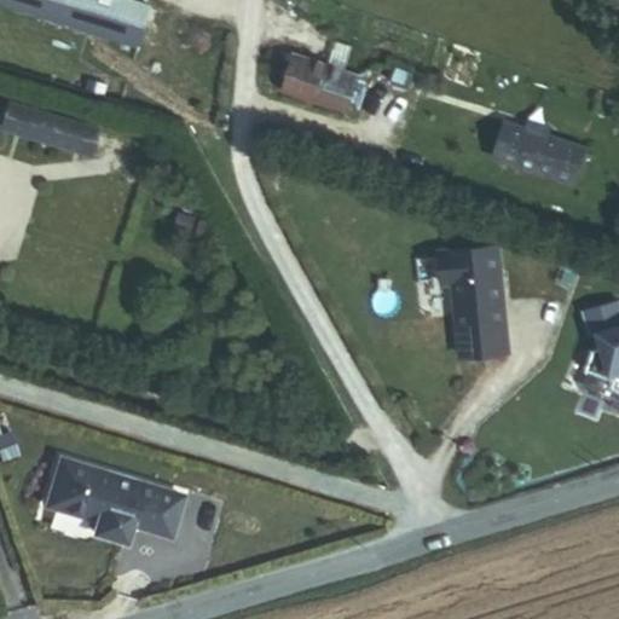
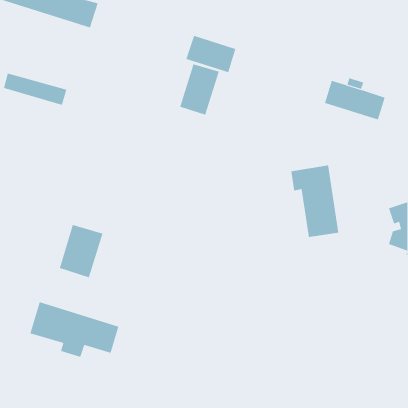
building: none -> [180,63,220,116]
building: none -> [59,224,103,278]

